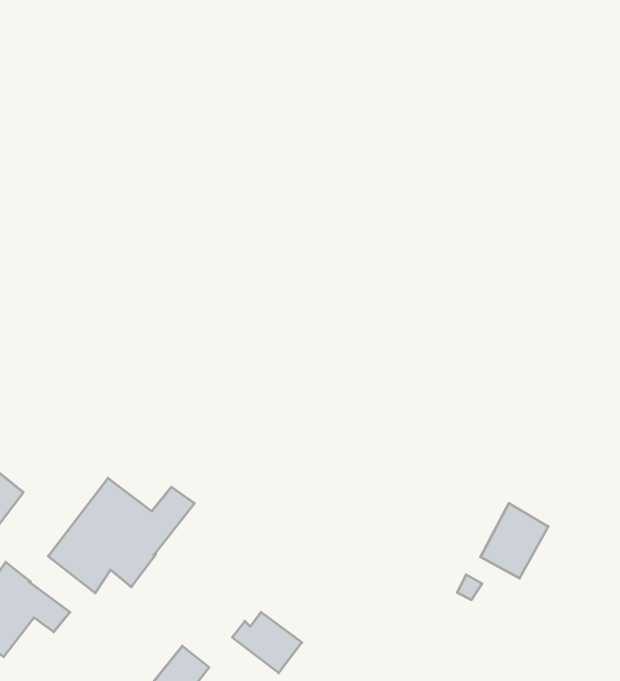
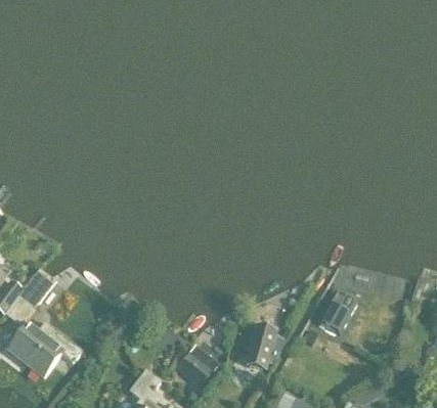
building: [48,478,194,593] -> none
building: none -> [245,324,286,369]

